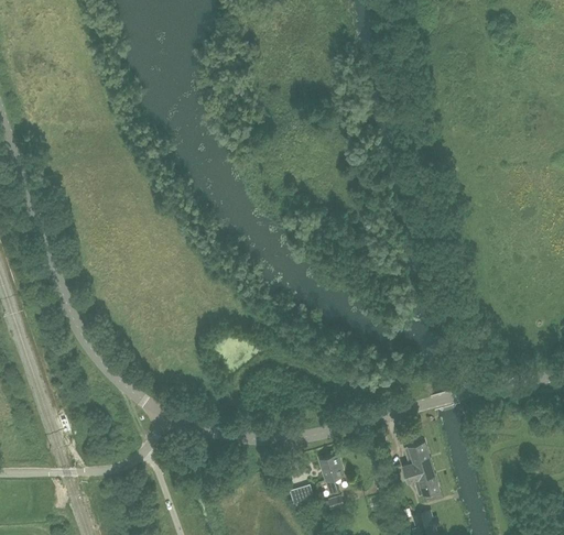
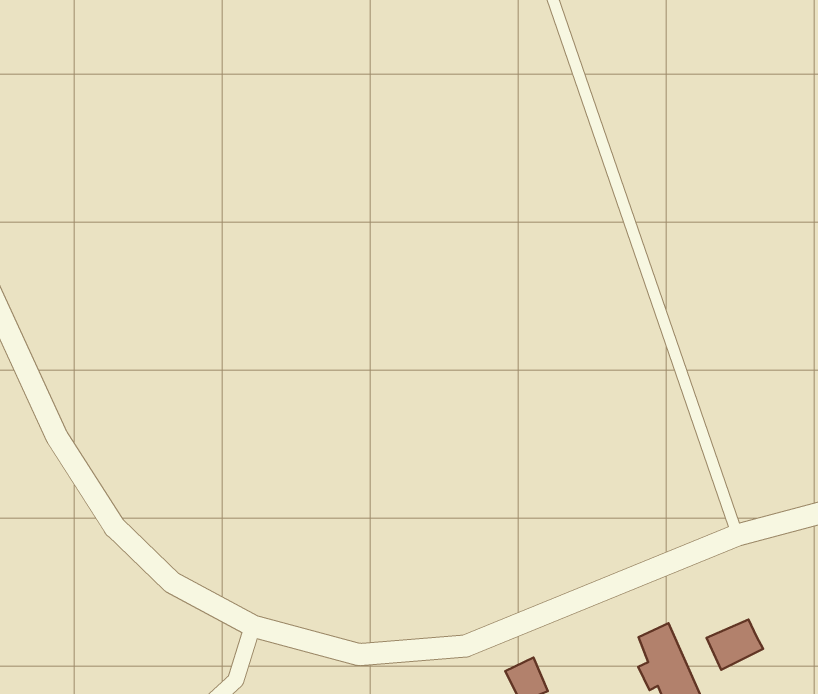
building: none -> [707,620,763,670]

